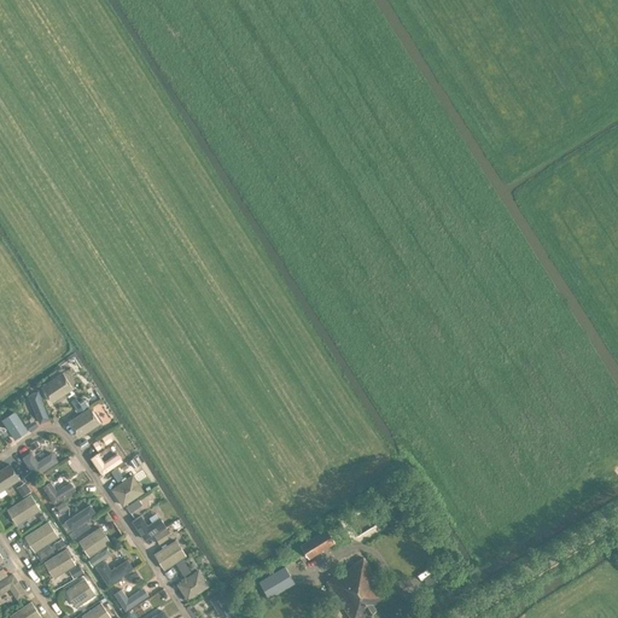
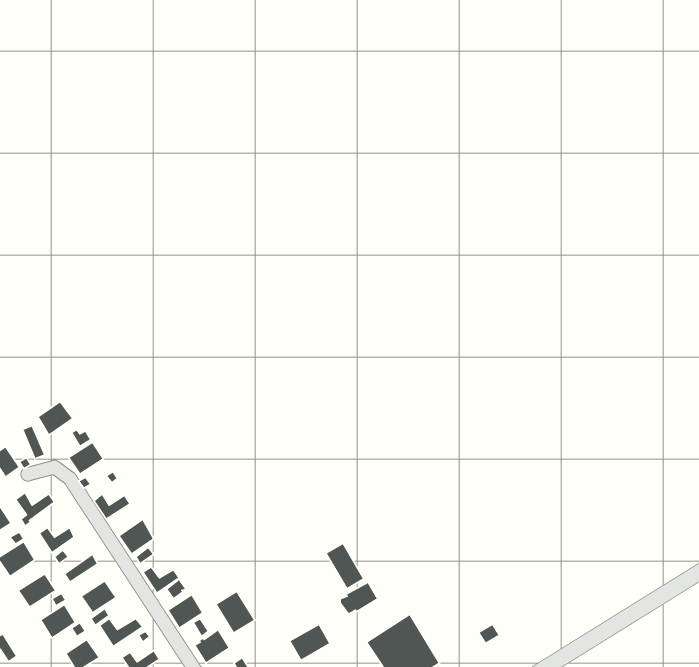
building: none -> [326,543,364,589]
building: none -> [216,591,255,633]

